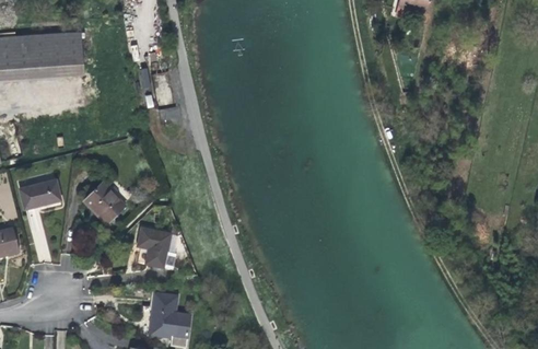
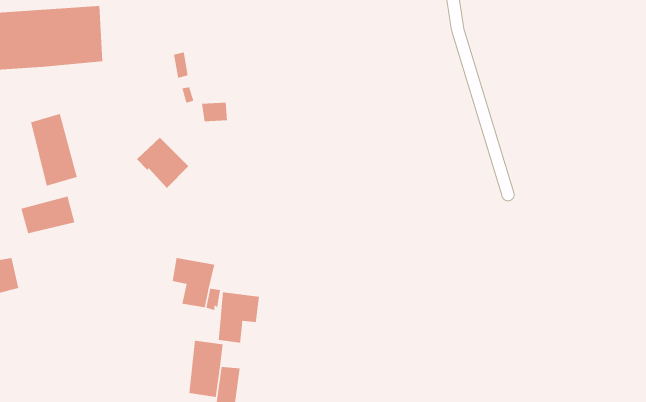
building: none -> [31,113,77,186]
building: [83,183,125,223] -> [136,137,189,189]
building: none -> [218,292,259,343]

